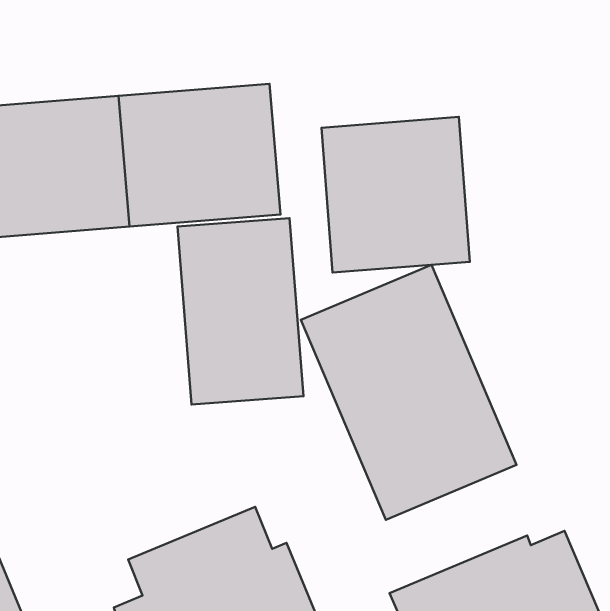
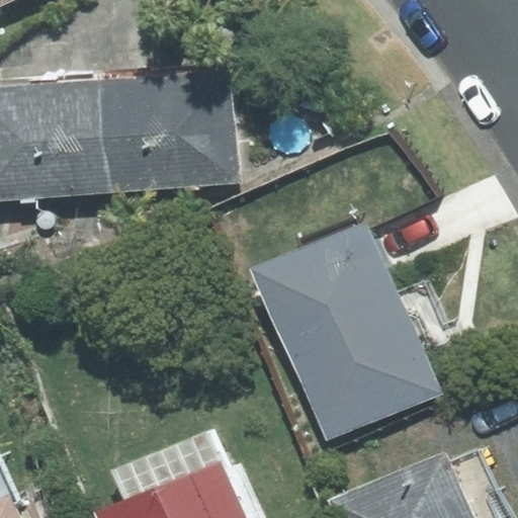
building: [321,117,470,273] -> none
building: [177,218,304,404] -> none

